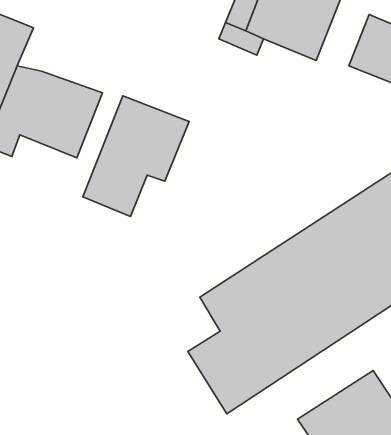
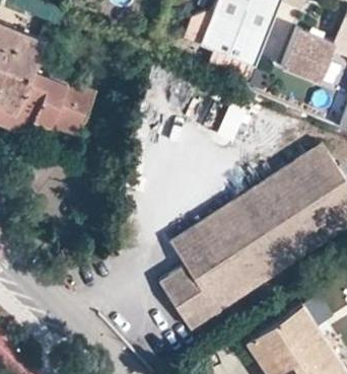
building: [83,96,189,216] -> none

